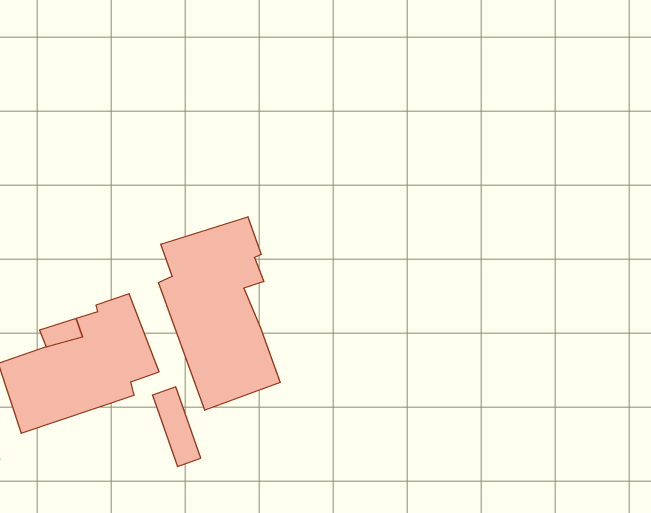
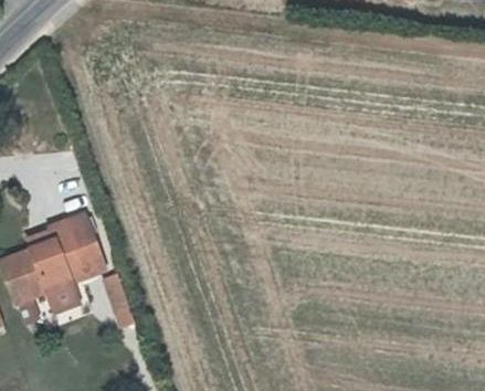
building: [159,217,280,410] -> none

